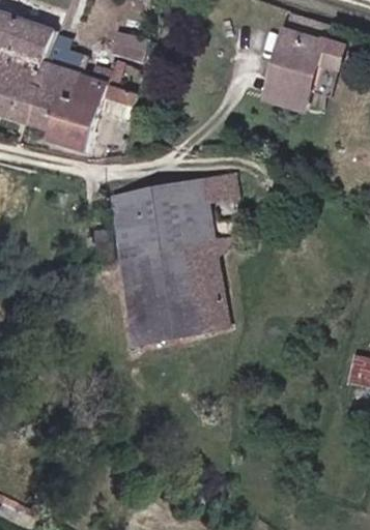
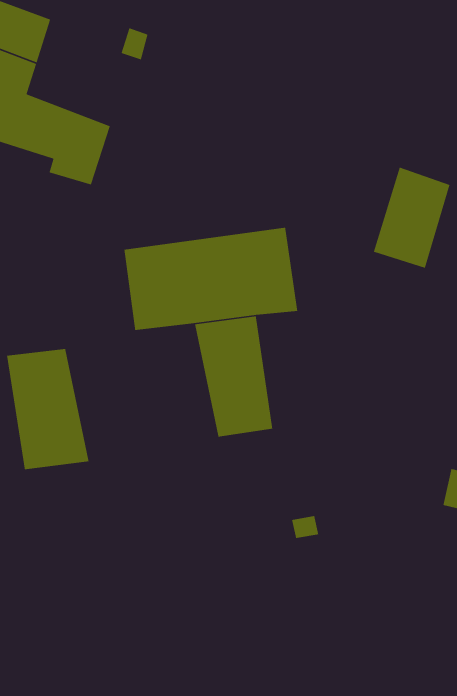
building: [274,42,332,119] -> [373,166,451,269]
building: [36,54,122,105] -> none
building: [116,248,178,340] -> [6,348,89,470]

